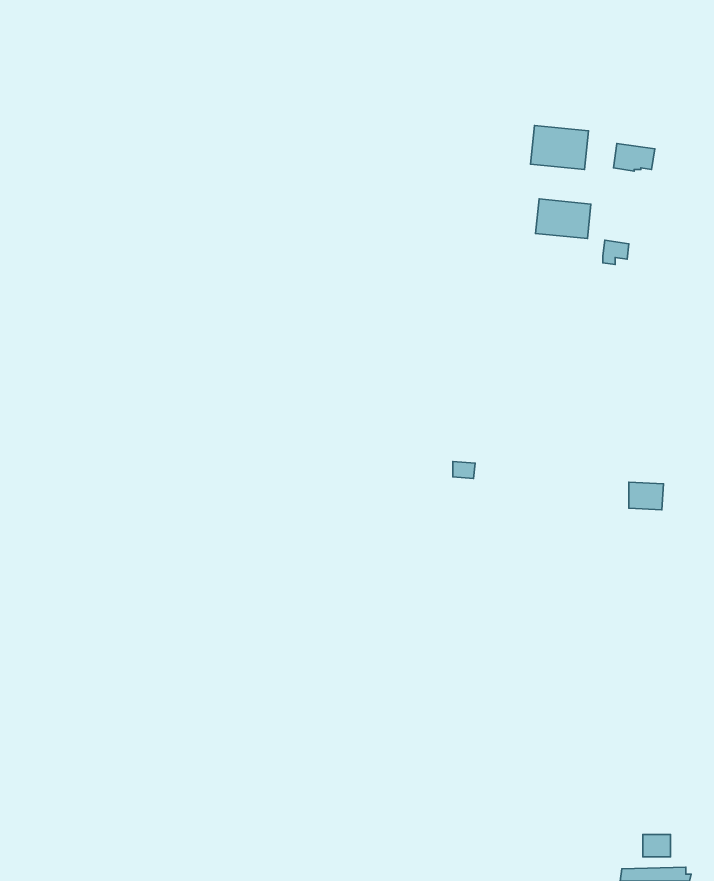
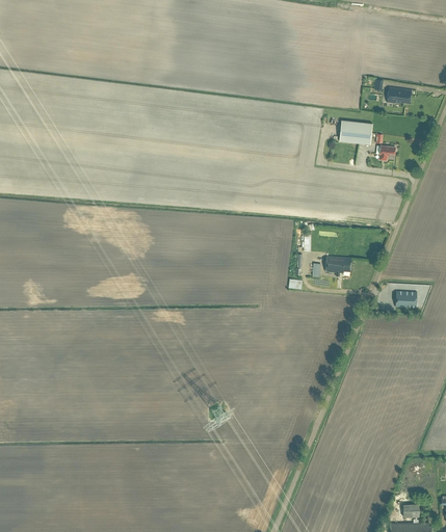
building: [531,125,588,169] -> none
building: none -> [324,256,350,276]

